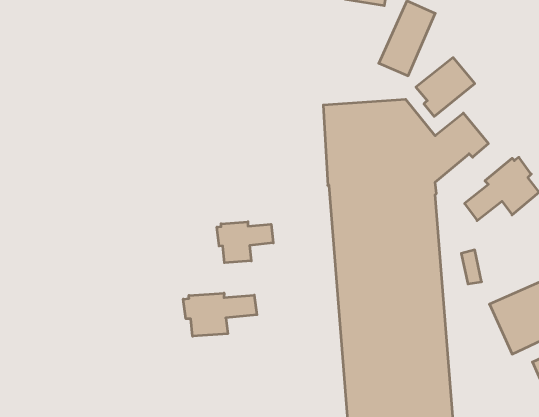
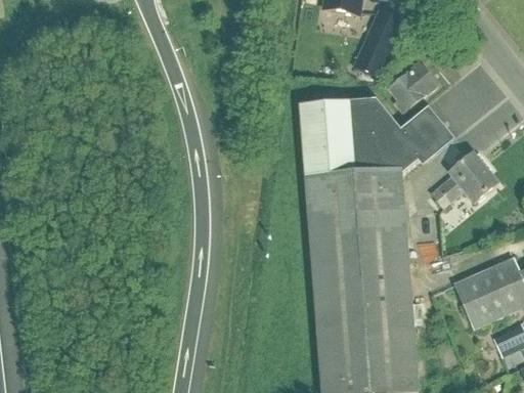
building: [217,222,273,263] -> none
building: [183,293,257,336] -> none

